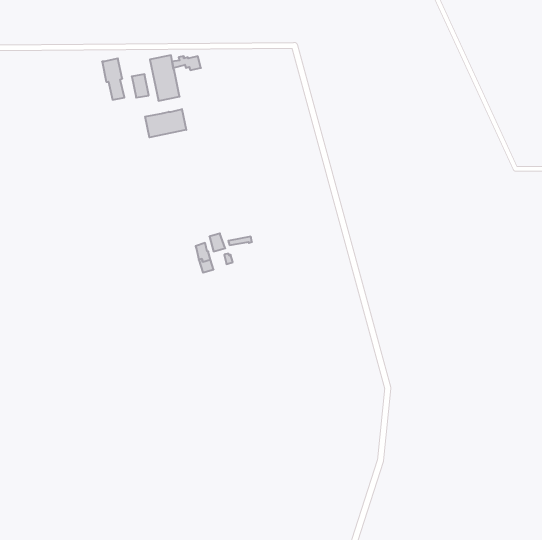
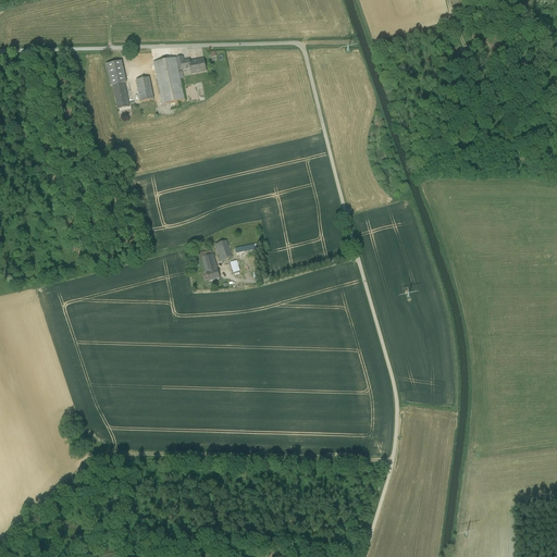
building: [145,109,186,137] -> none

